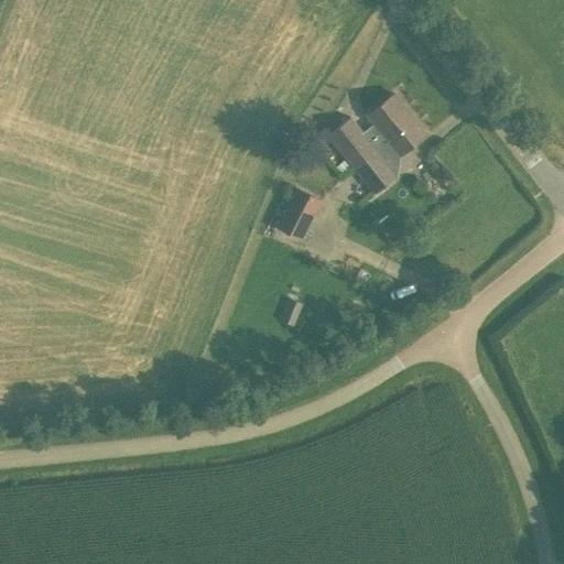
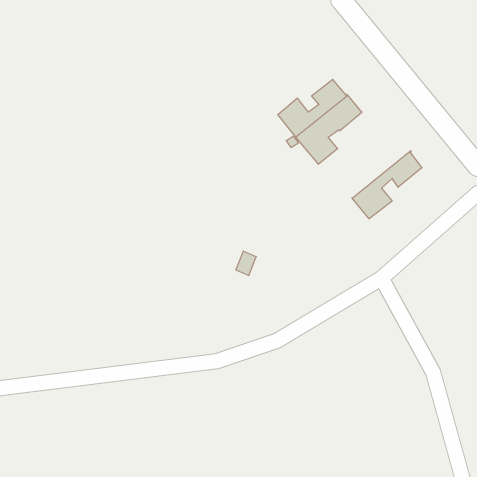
building: none -> [352,151,422,219]
building: [279,188,322,238] -> none

